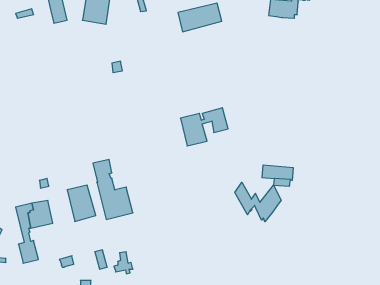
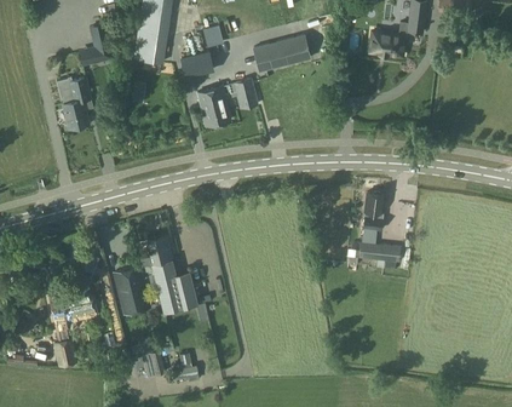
building: none -> [180,52,212,78]
building: none -> [57,78,91,128]
building: [180,108,228,146] -> [197,79,258,127]
building: none -> [363,193,382,230]
building: [235,182,281,222] -> none

